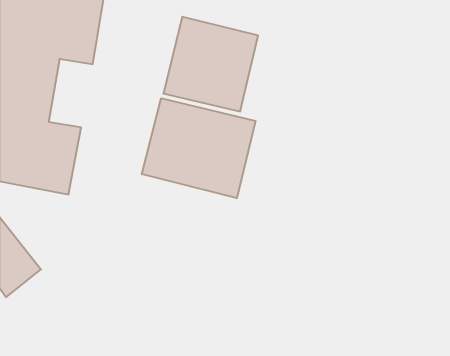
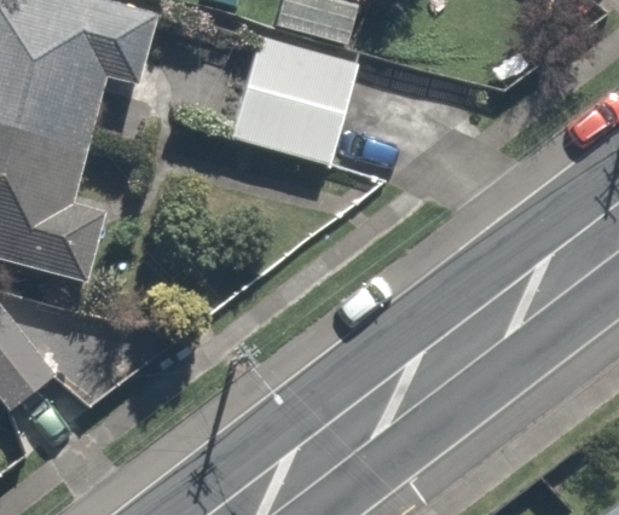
building: [142,98,256,198] -> none

